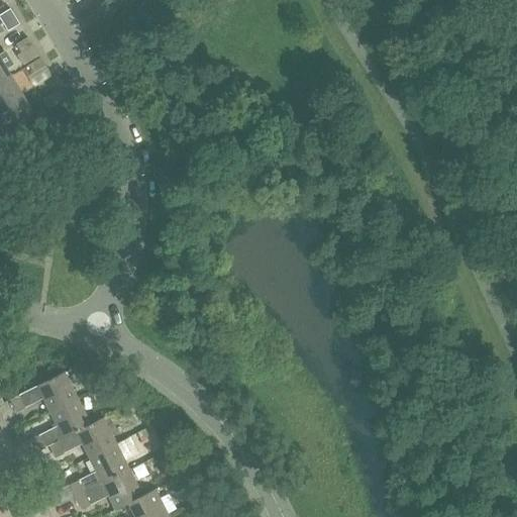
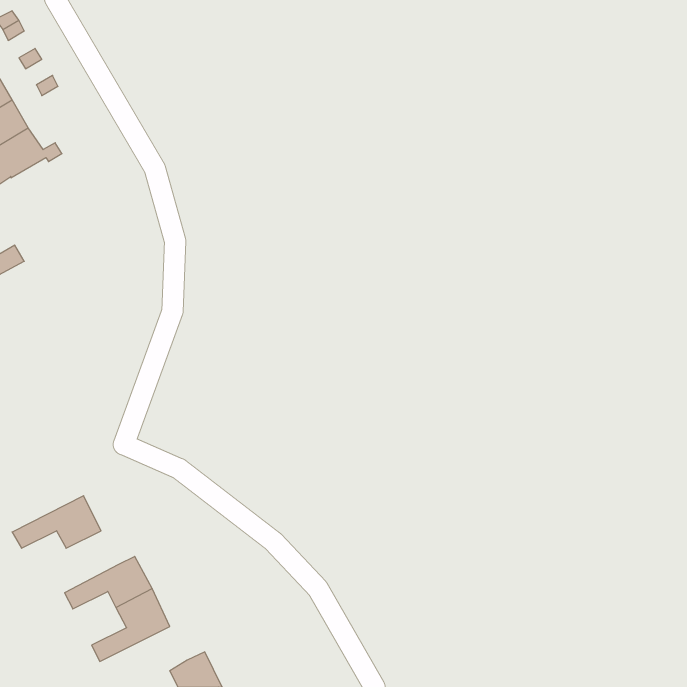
building: [29,398,89,451] -> none
building: [75,470,140,509] -> none

